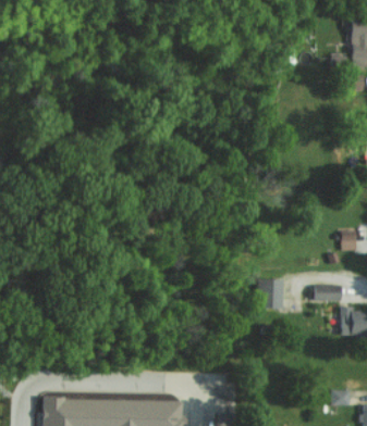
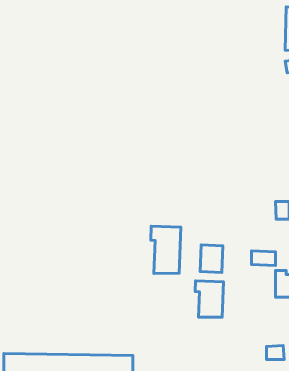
building: none -> [151,226,181,273]
building: none -> [195,281,223,317]

